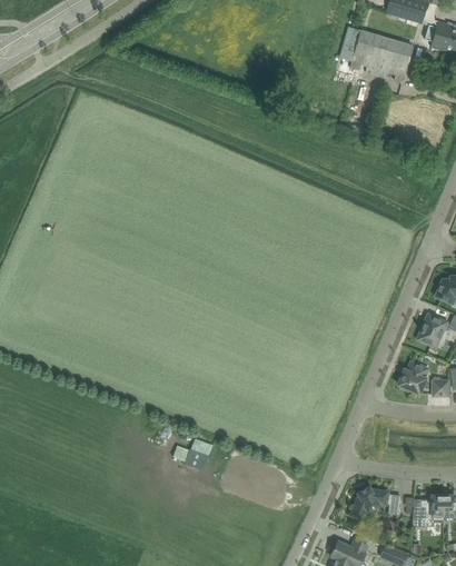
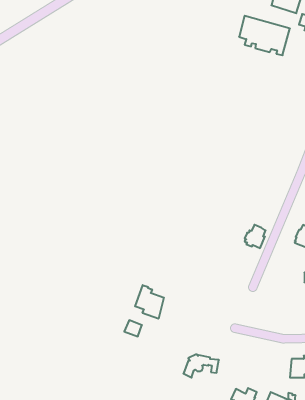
building: [398,360,427,393] -> [245,225,266,248]
building: none -> [135,285,164,319]
building: [351,487,400,519] -> [183,354,219,378]

